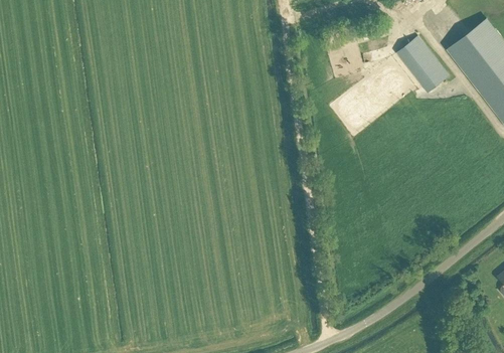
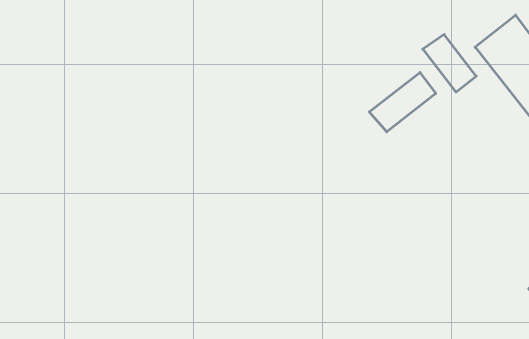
building: none -> [369,72,436,132]

